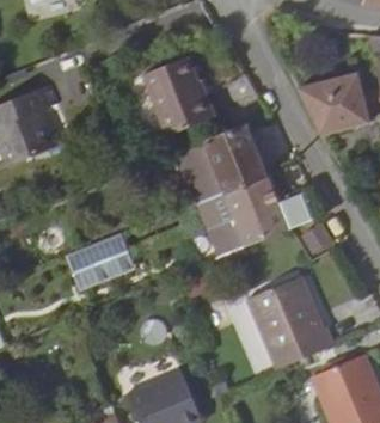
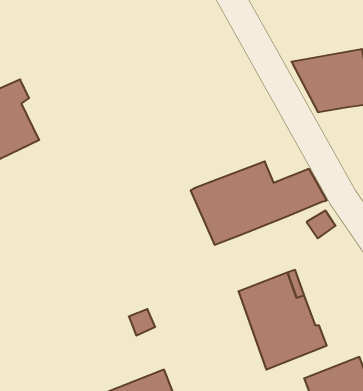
building: [146,53,216,133] -> none
building: [180,123,271,202] -> none
building: [67,234,136,289] -> none

